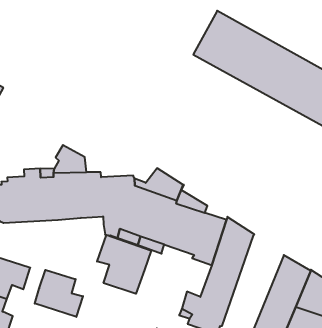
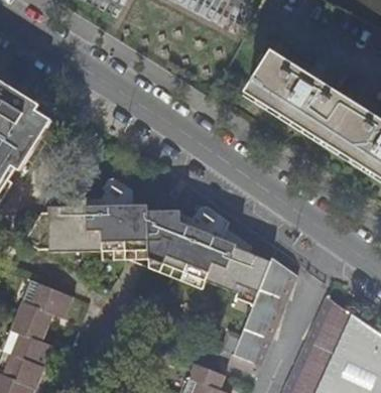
building: [97,235,151,294] -> none
building: [35,270,83,317] -> none

